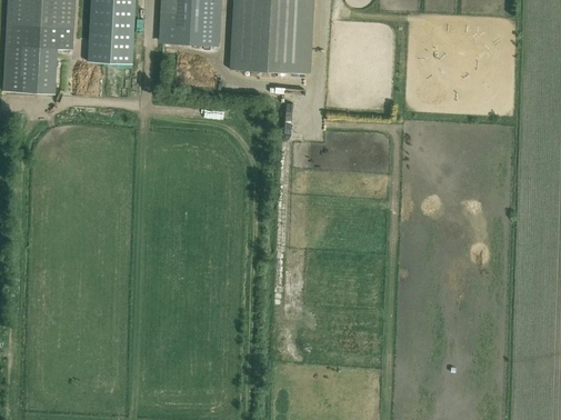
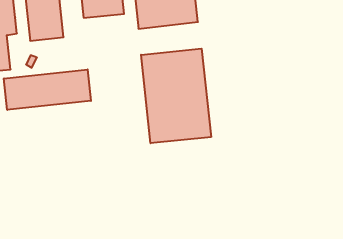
building: none -> [141,49,211,143]
building: none -> [4,69,91,110]

